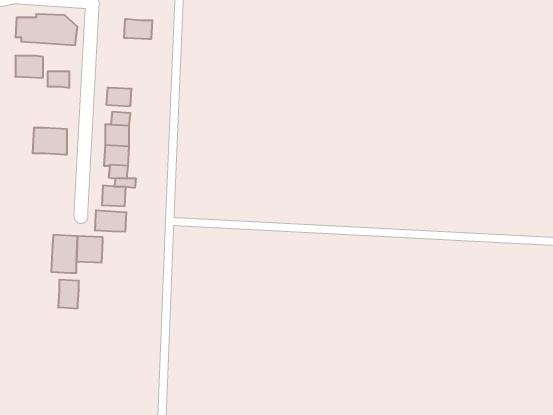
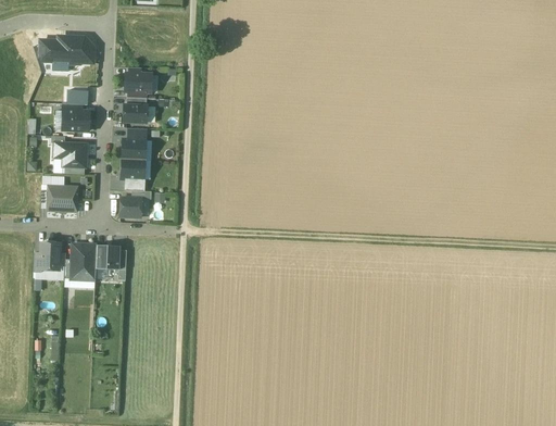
building: [124,19,153,39] -> [124,74,151,92]
building: [15,56,43,78] -> [62,111,88,131]
building: none -> [47,187,77,212]
building: [95,210,126,232] -> none
building: [58,280,79,308] -> [39,243,59,271]

